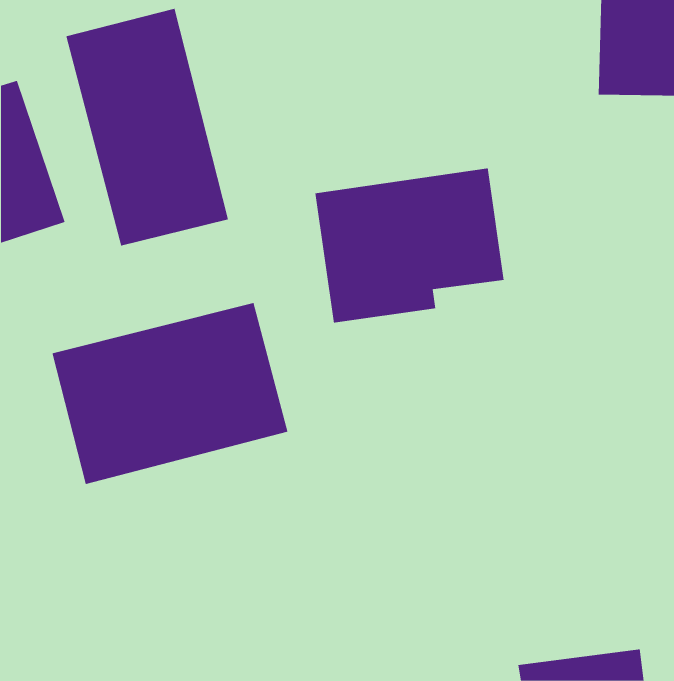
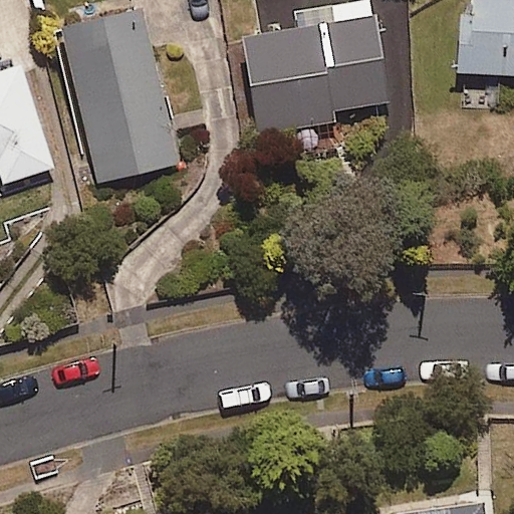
building: [315,168,504,323] -> [244,17,387,134]
building: [52,302,288,485] -> none

